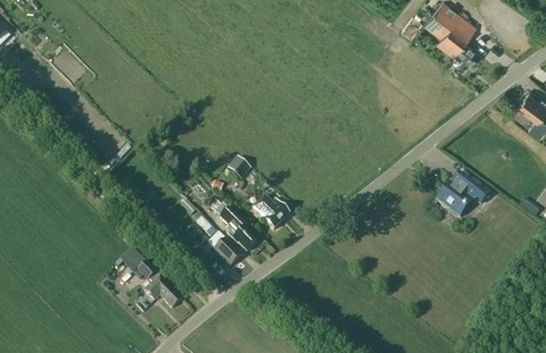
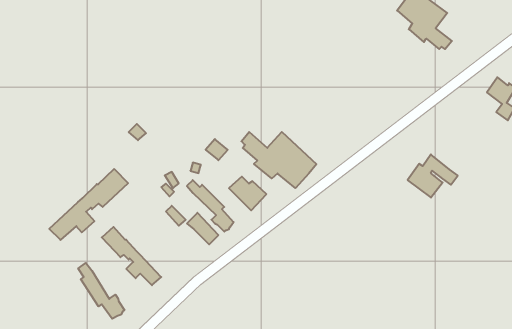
building: none -> [241,132,316,188]
building: none -> [49,169,128,240]
building: none -> [78,263,124,319]

